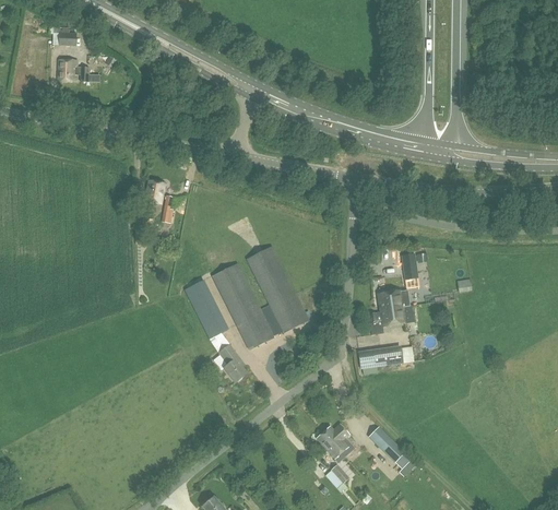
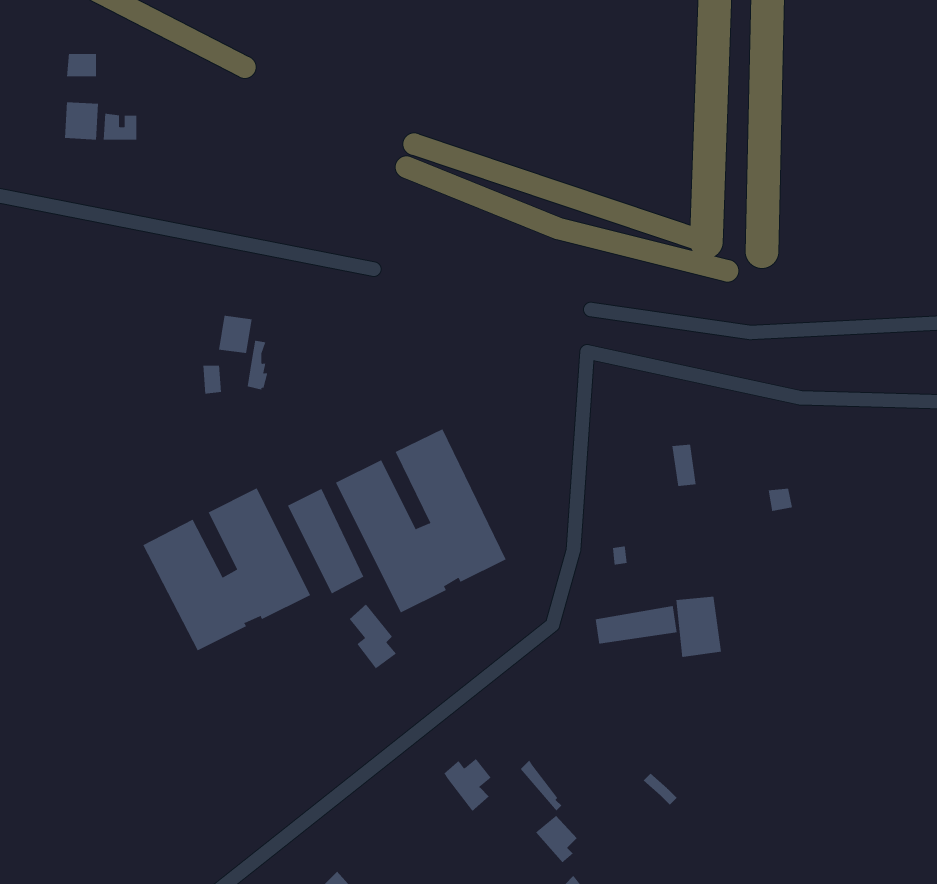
building: none -> [142,488,311,651]
building: [379,290,405,325] -> [676,596,722,658]
building: [322,424,349,454] -> [443,758,492,812]

